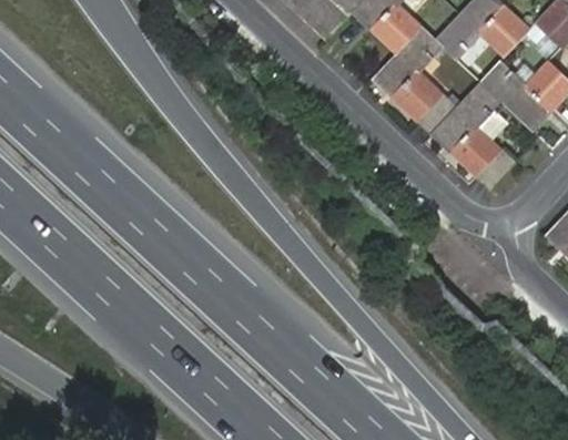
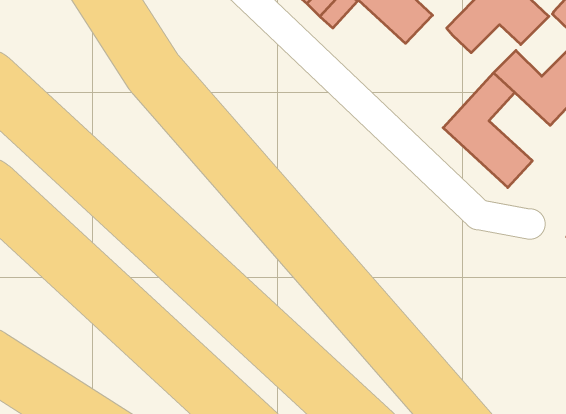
building: [372,27,455,133] -> none

